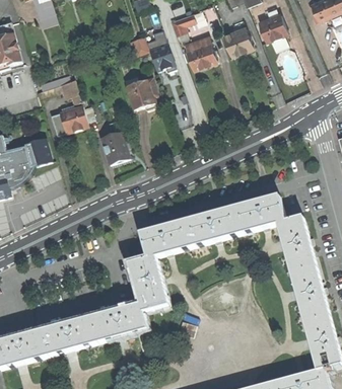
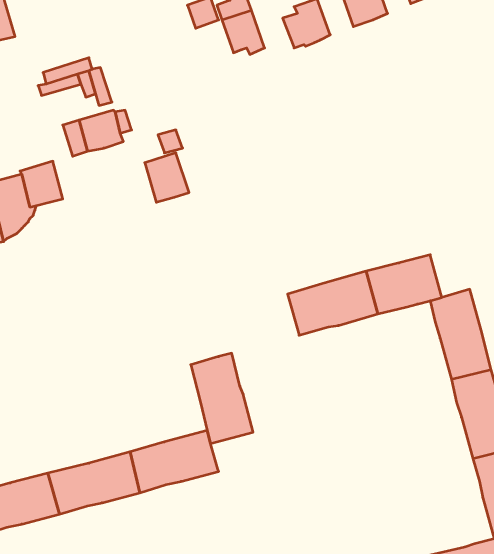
building: [125,78,156,109] -> none
building: [140,220,197,258] -> none

